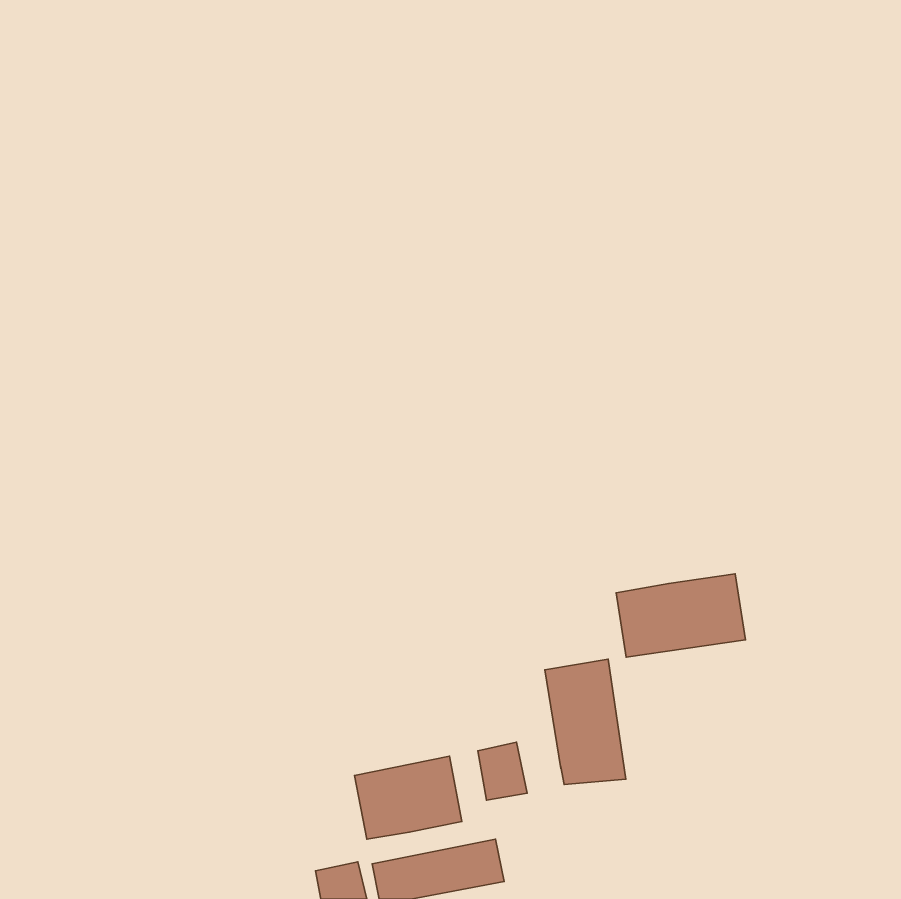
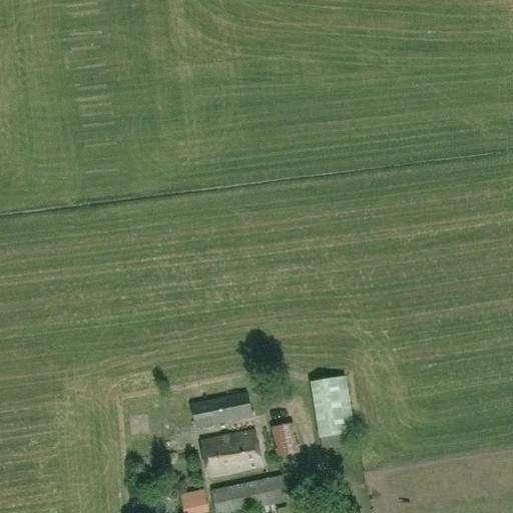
building: [616,574,746,657] -> none
building: none -> [190,391,252,427]

